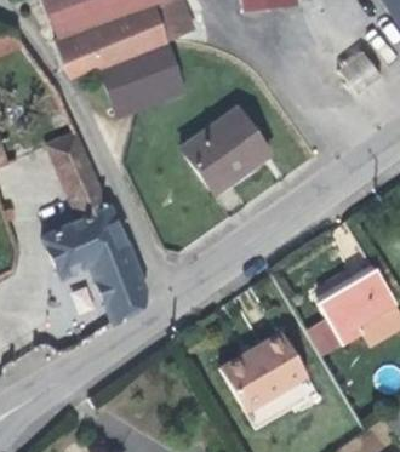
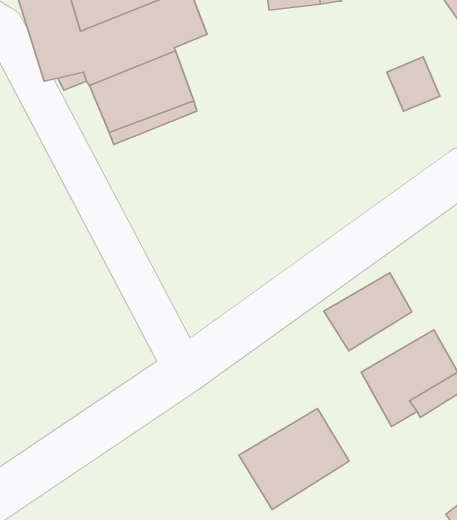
building: [181,108,270,190] -> none
building: [42,131,144,322] -> none
building: none -> [324,273,412,351]

